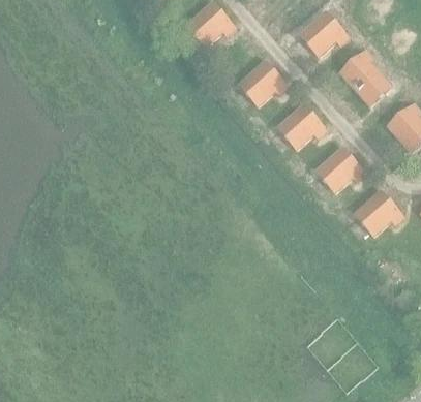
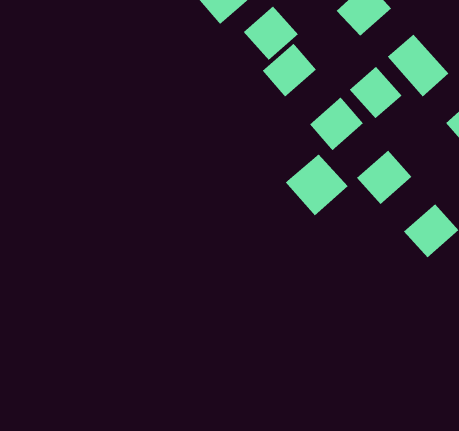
building: none -> [243,6,299,61]
building: none -> [349,66,402,119]
building: none -> [285,154,349,216]

